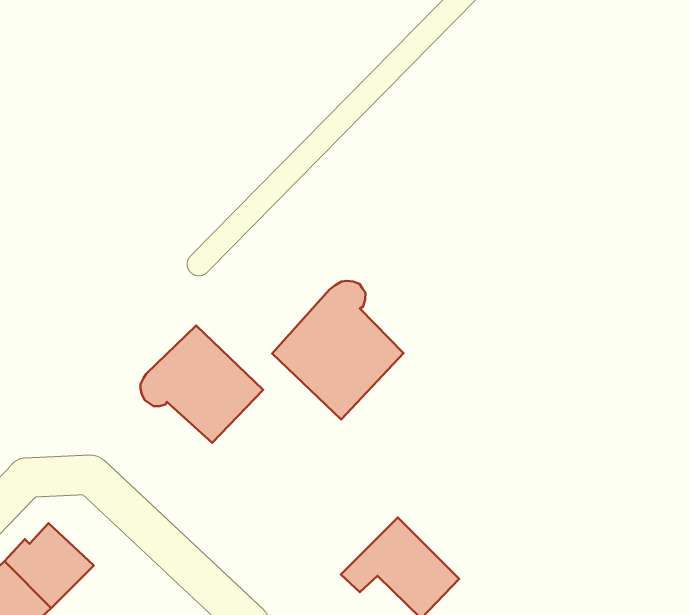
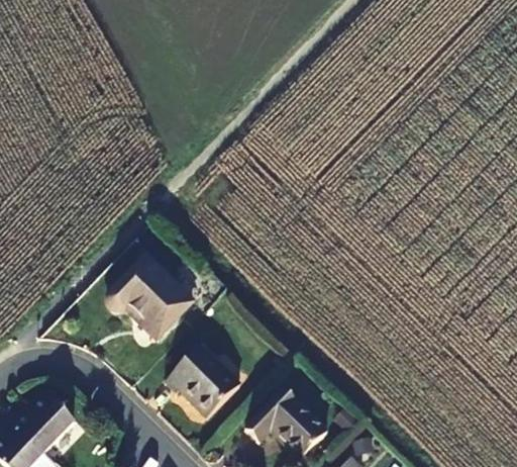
building: [272,281,404,420] -> none
building: none -> [167,347,239,416]

